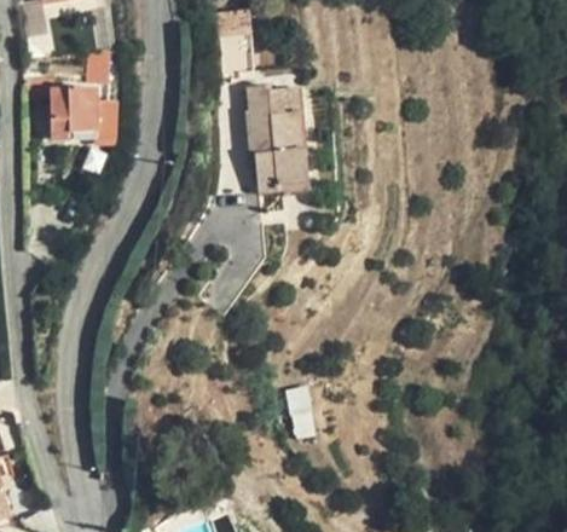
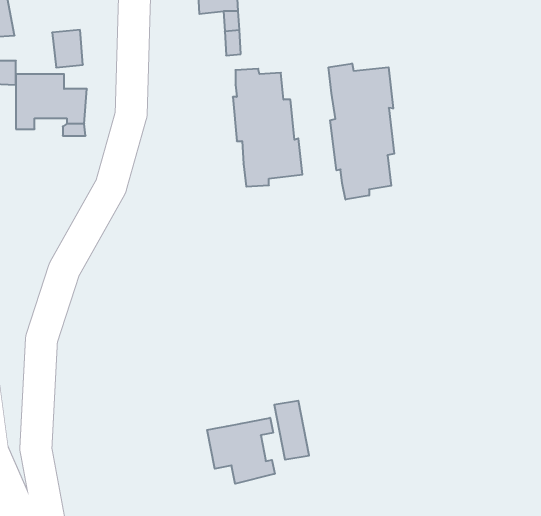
building: none -> [329,63,394,200]
building: none -> [207,418,275,484]

